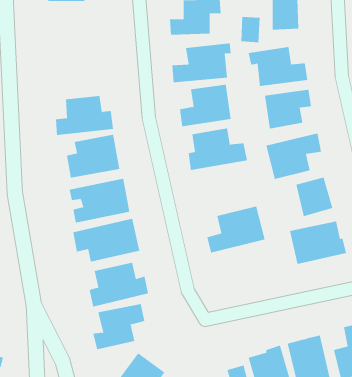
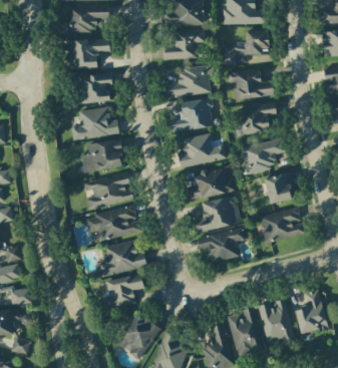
building: none -> [68,38,110,69]
building: none -> [78,73,112,103]
building: none -> [187,168,235,201]
building: none -> [198,230,246,262]

